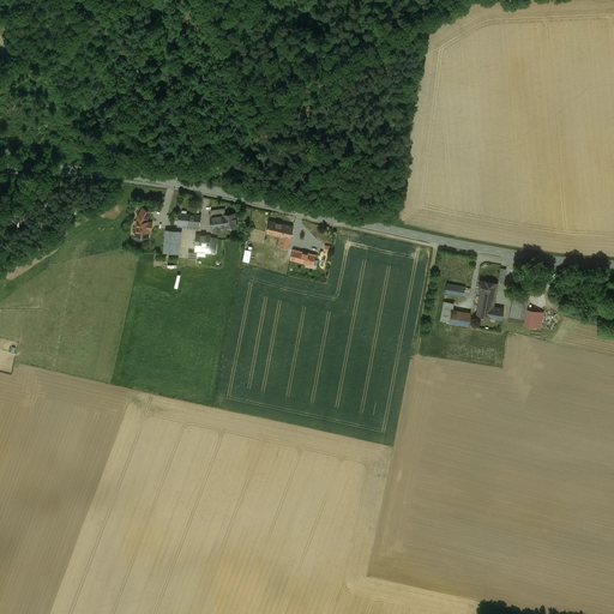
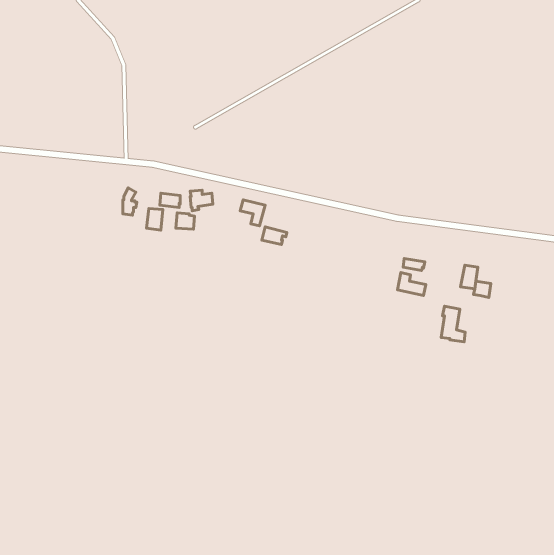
building: [476,281,502,320] -> [441,306,465,342]

